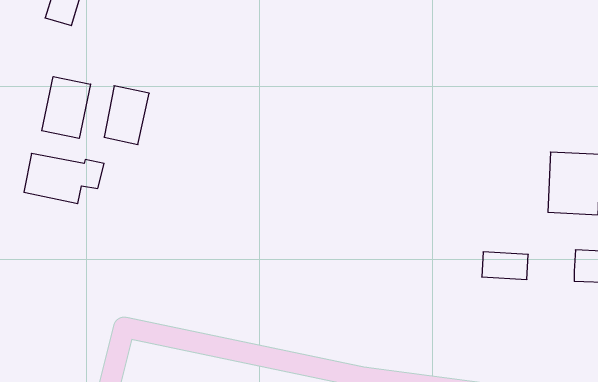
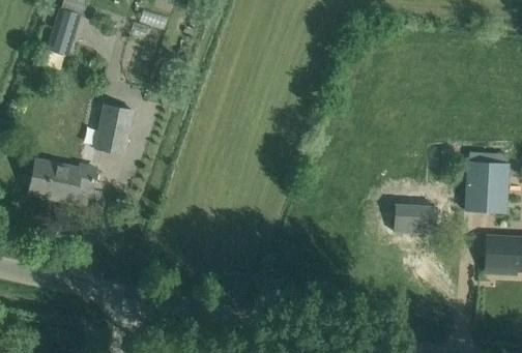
building: [42,77,91,138] -> none
building: [482,252,528,279] -> [397,203,435,226]

